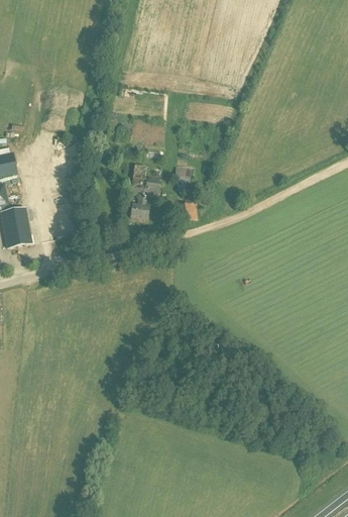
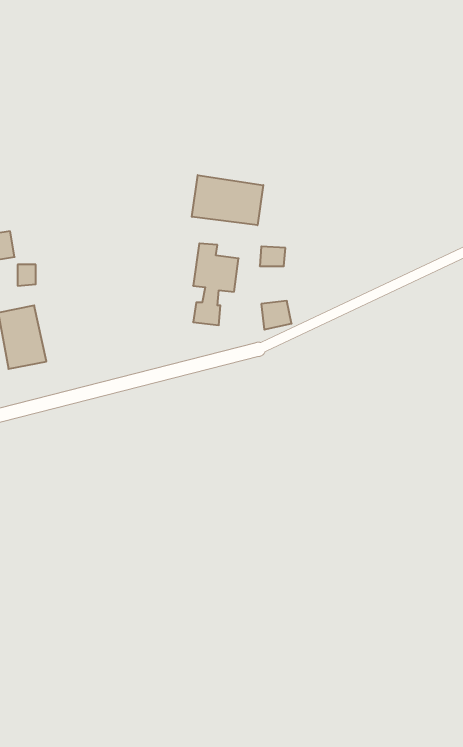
building: none -> [192,175,263,225]

